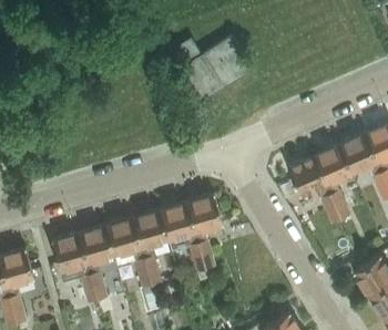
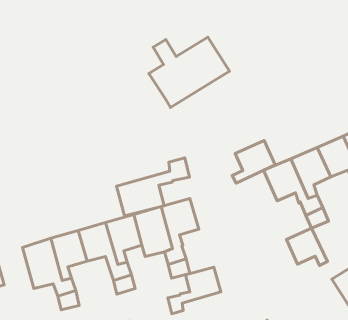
building: none -> [232,141,275,183]
building: none -> [116,158,189,216]
building: none -> [286,228,328,265]
building: none -> [168,267,221,314]

